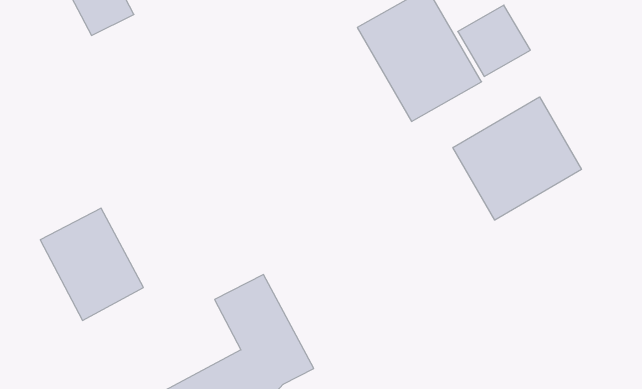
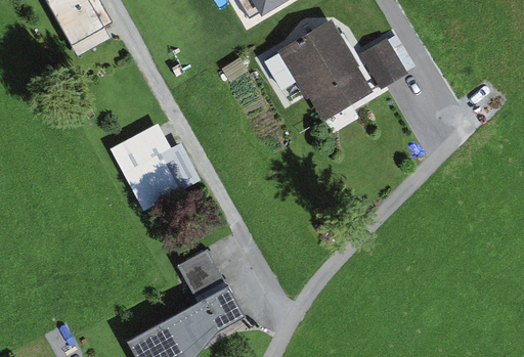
building: [453,97,581,220] -> none
building: [40,208,143,320] -> [111,123,190,210]

